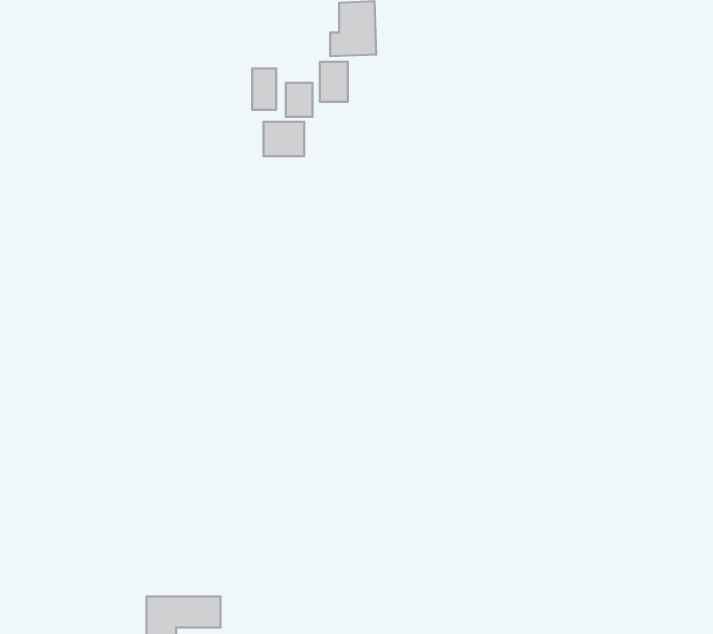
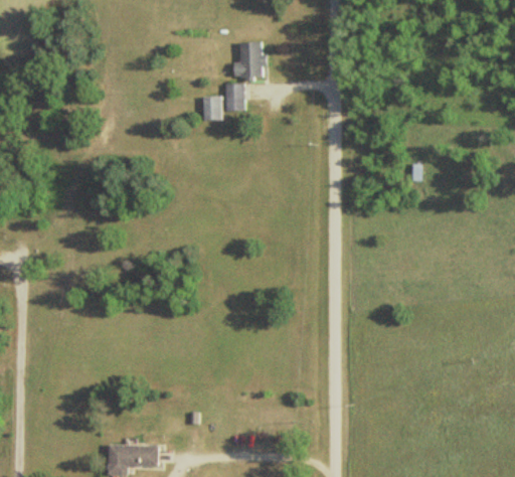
building: [252,69,276,110] -> none
building: [264,122,304,156] -> none

